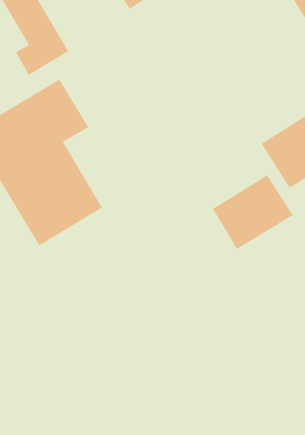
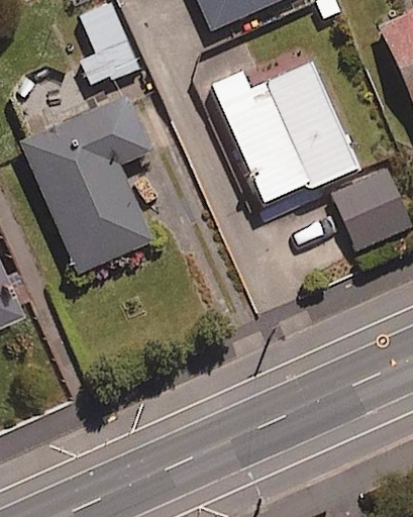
building: none -> [216,69,360,209]
building: [212,174,293,250] -> none

